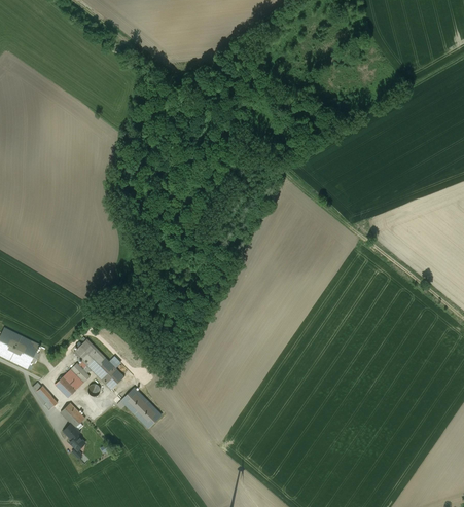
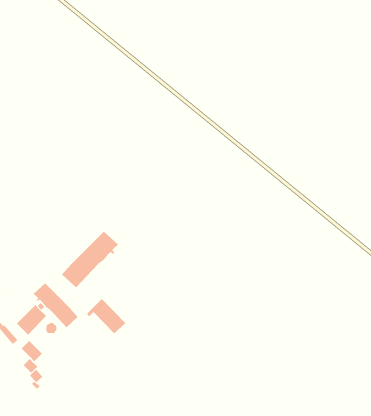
building: none -> [61,231,119,288]
building: [117,387,162,427] -> [86,298,126,334]

